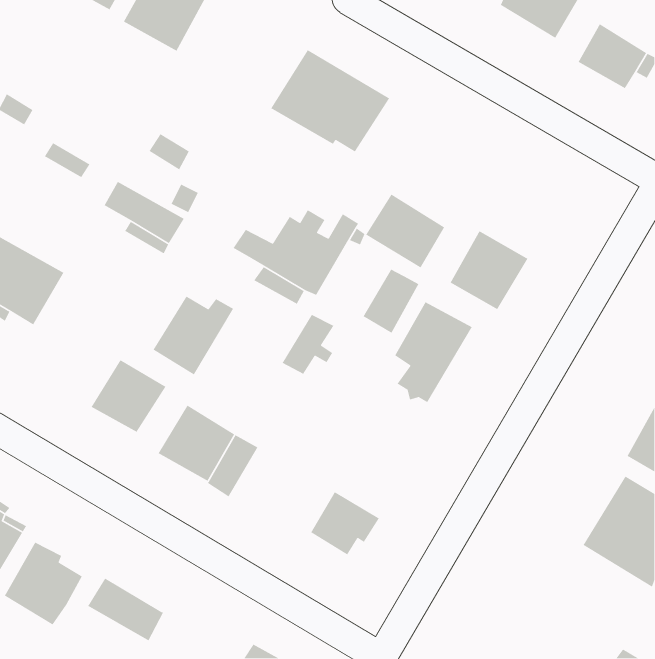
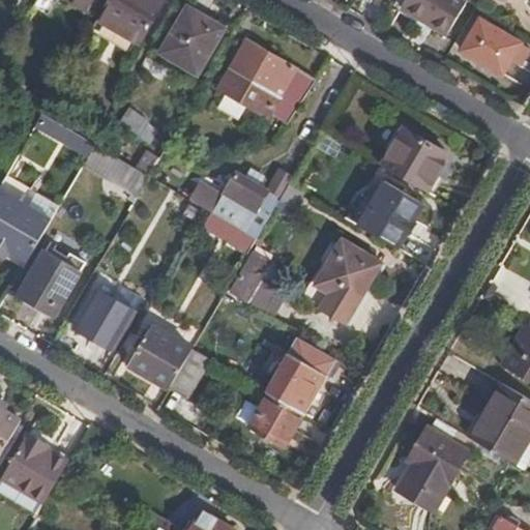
building: none -> [160,5,222,71]
building: [365,193,445,268] -> [381,134,445,194]
building: [362,268,419,334] -> none
building: [153,295,234,376] -> [18,249,83,314]
building: none -> [268,338,336,415]
building: none -> [398,429,467,510]
building: [87,577,164,641] -> none

